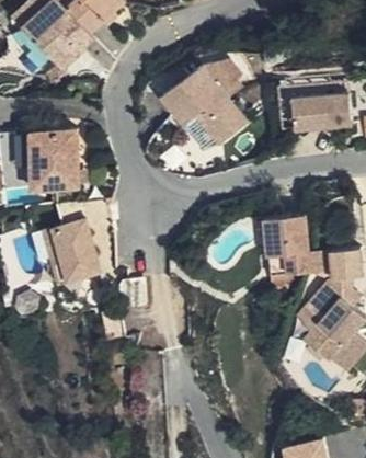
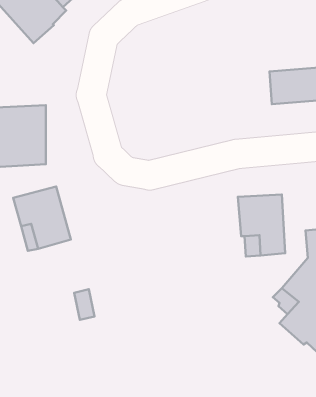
building: [158,62,245,148] -> none

